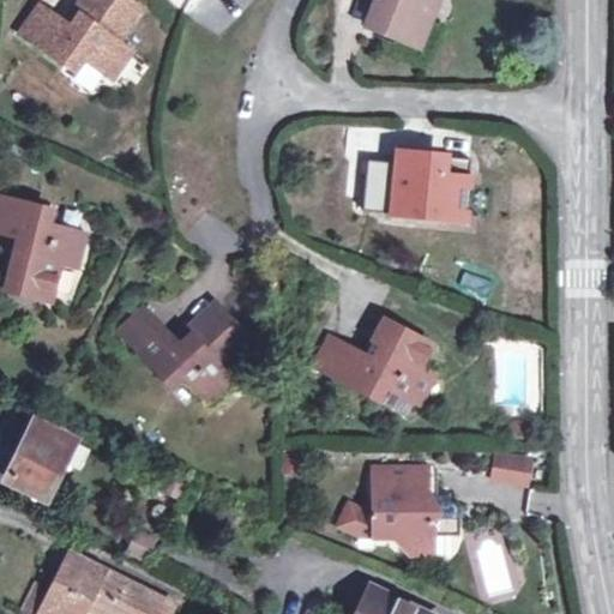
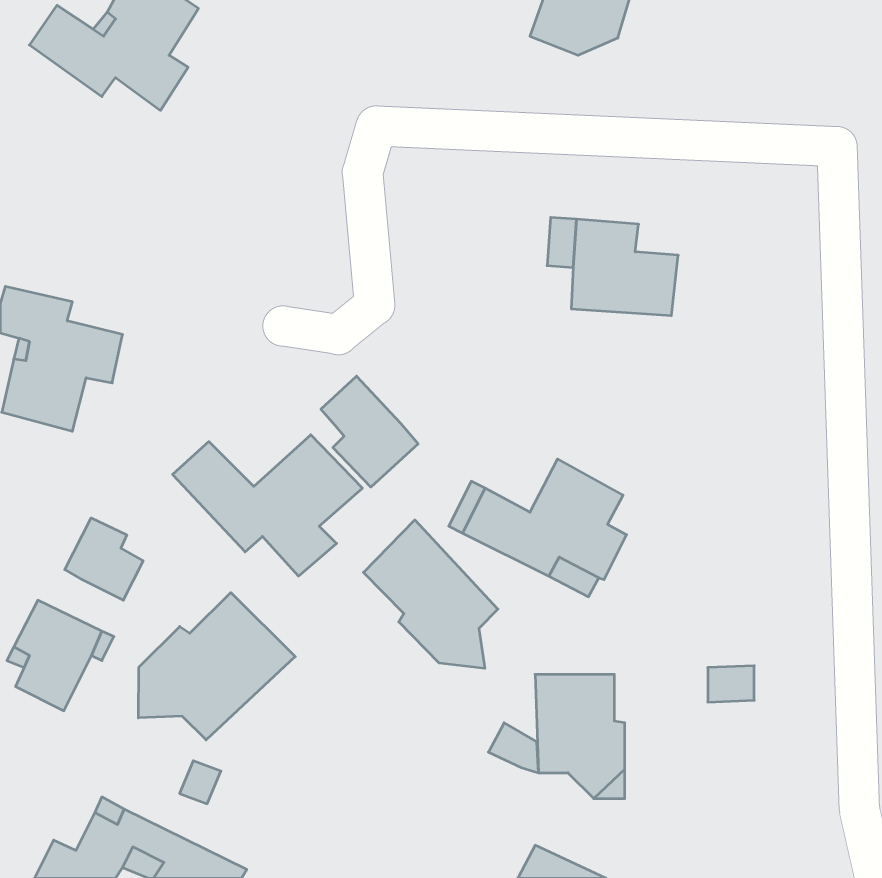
building: none -> [321,376,418,487]
building: none -> [65,518,143,600]
building: none -> [363,520,498,668]
building: none -> [138,593,295,740]

